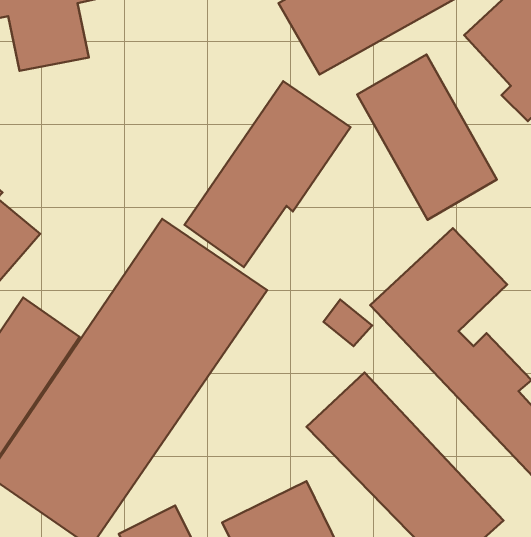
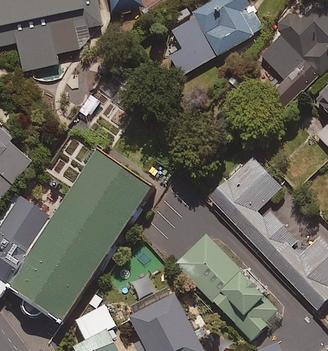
building: [357,54,497,220] -> none
building: [184,81,351,267] -> none

